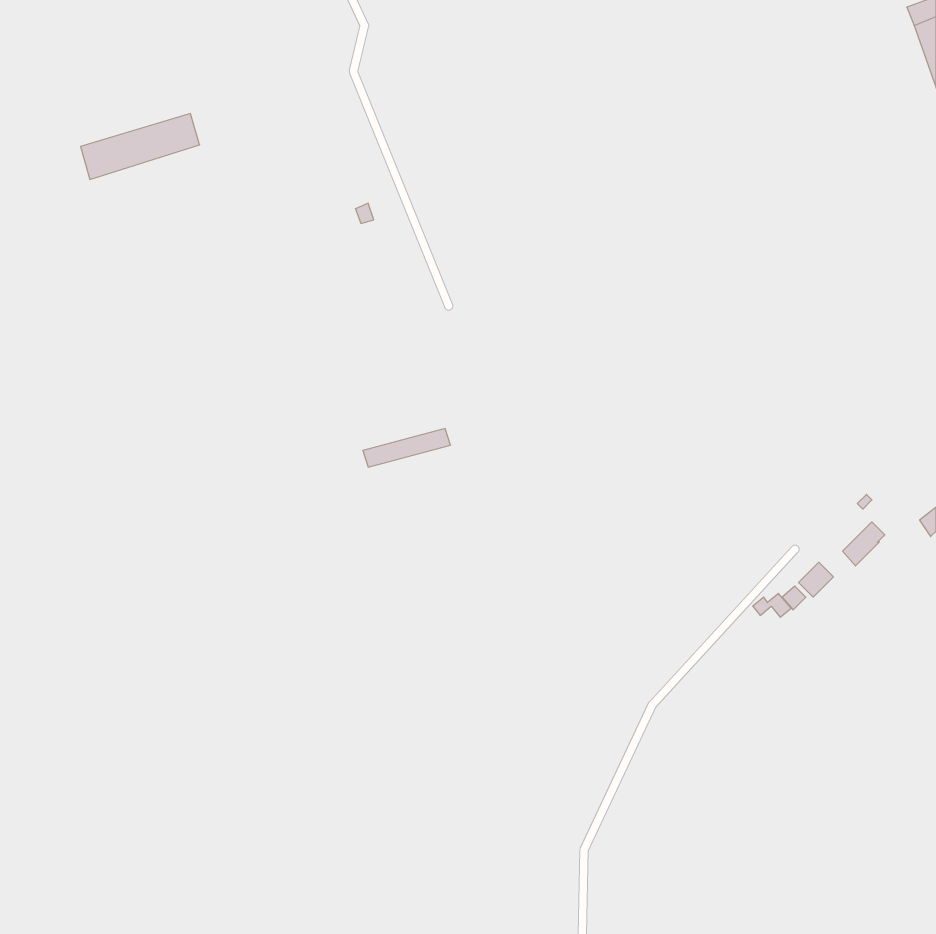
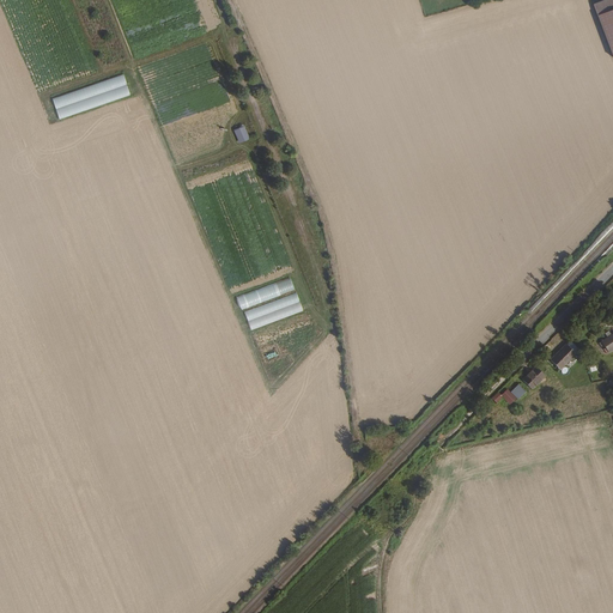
building: none -> [244,292,303,328]

